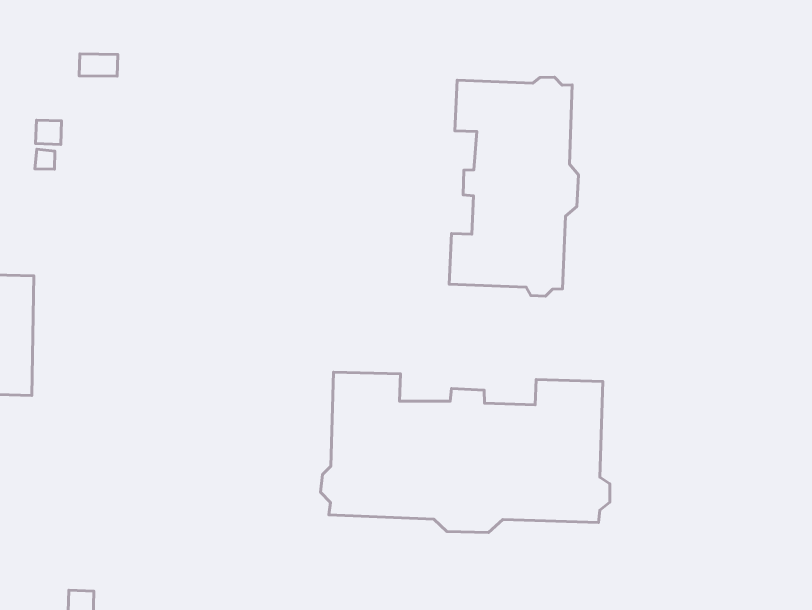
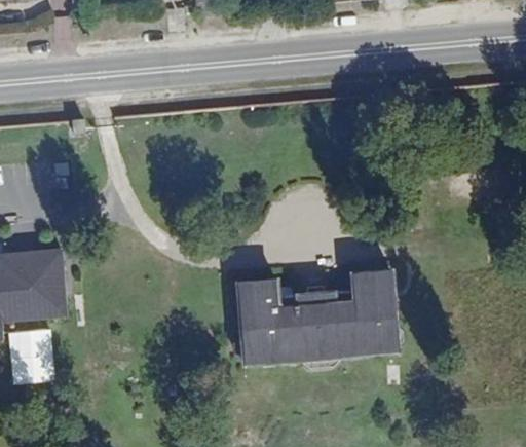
building: [449,77,579,296] -> none

